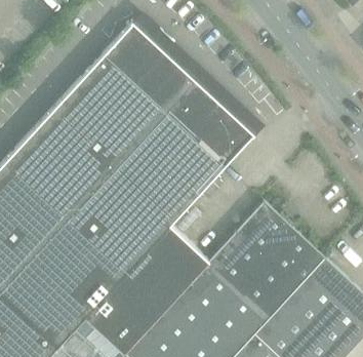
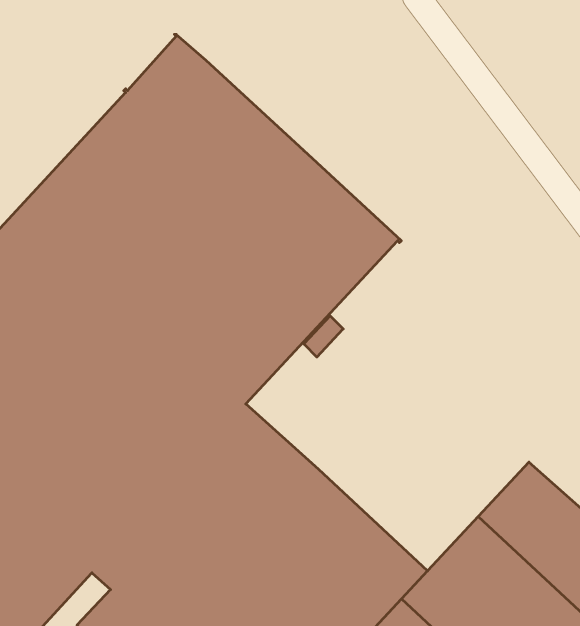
building: [209,201,324,317] -> none

